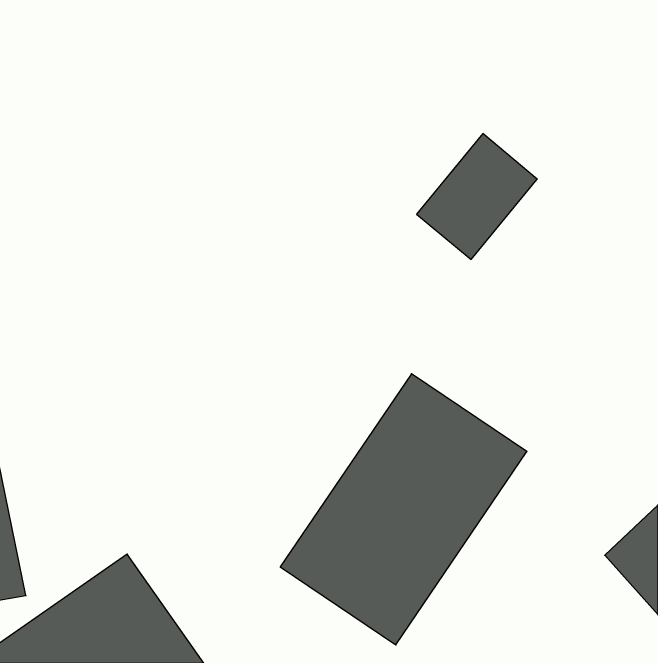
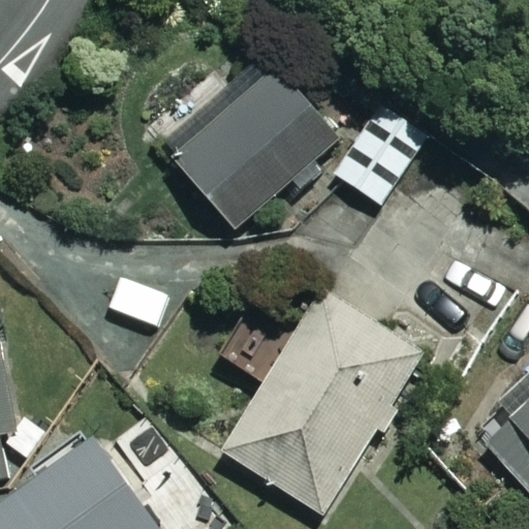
building: none -> [163,56,339,228]

